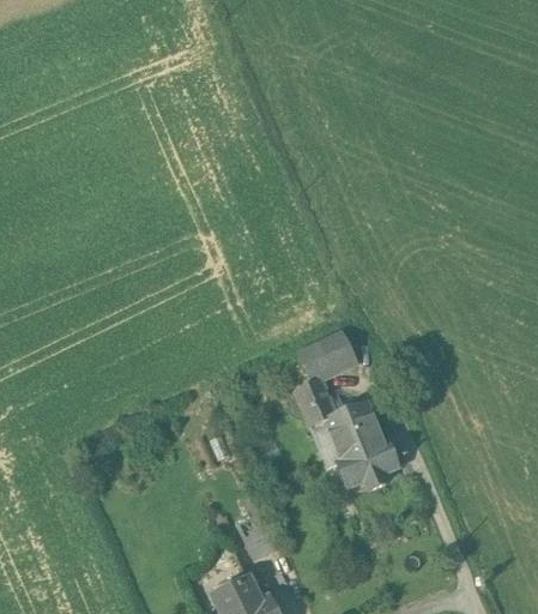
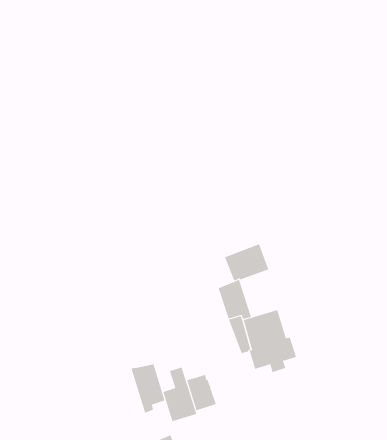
building: none -> [131,363,165,413]
building: none -> [186,374,216,411]

